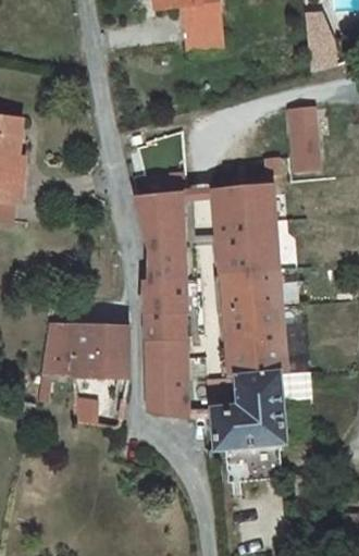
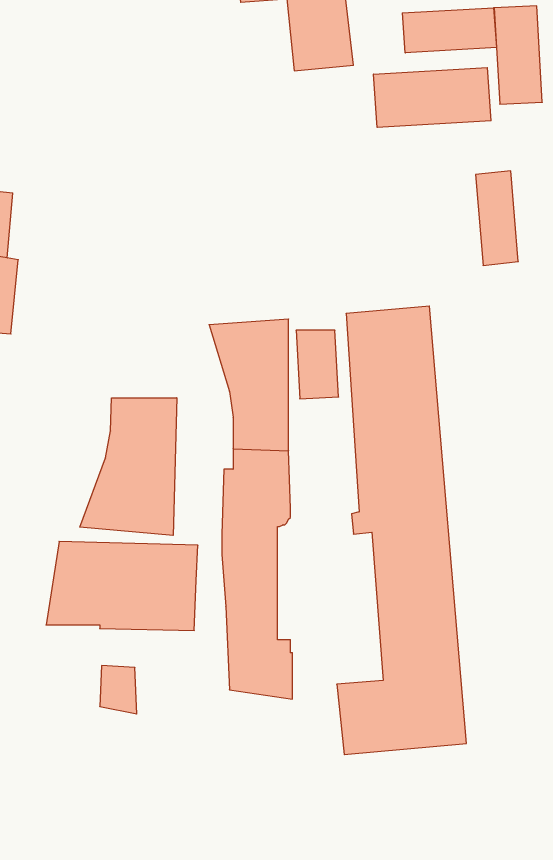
building: none -> [402,8,496,53]
building: none -> [374,68,491,127]
building: none -> [80,398,177,535]

